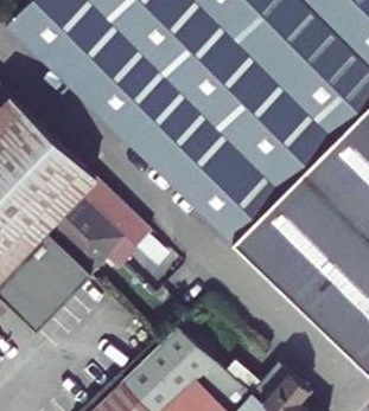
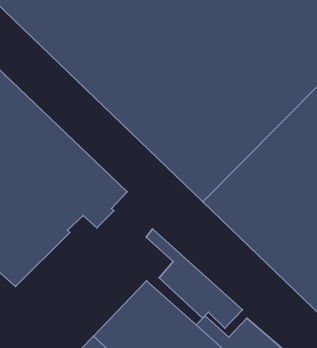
building: none -> [146,229,242,328]

